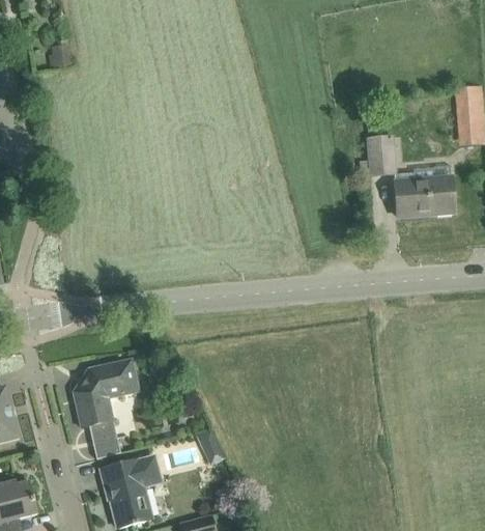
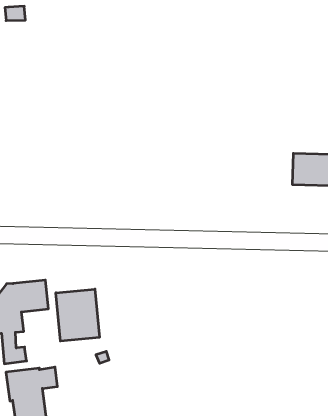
building: [368,135,394,174] -> none
building: none -> [56,289,99,341]

